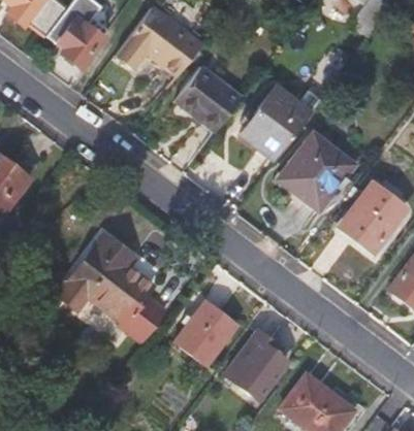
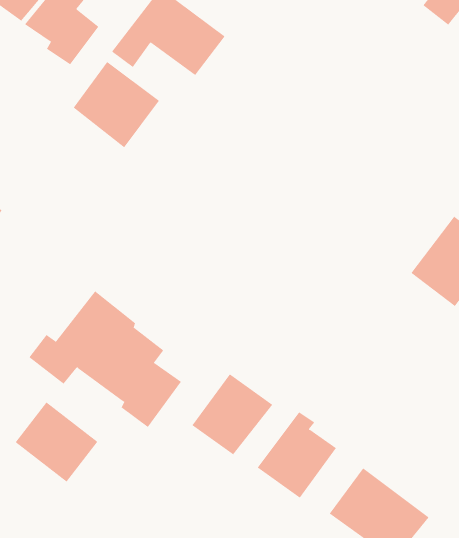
building: [177,66,243,132] -> [73,61,160,148]
building: [237,84,313,162] -> none
building: [283,134,353,208] -> none
building: none -> [15,402,98,482]

